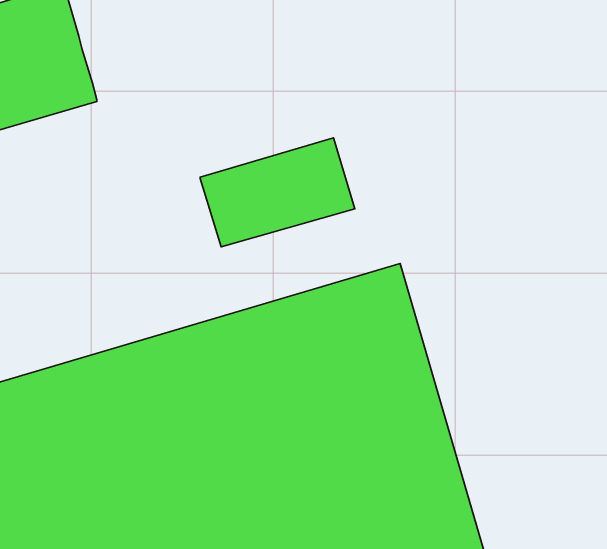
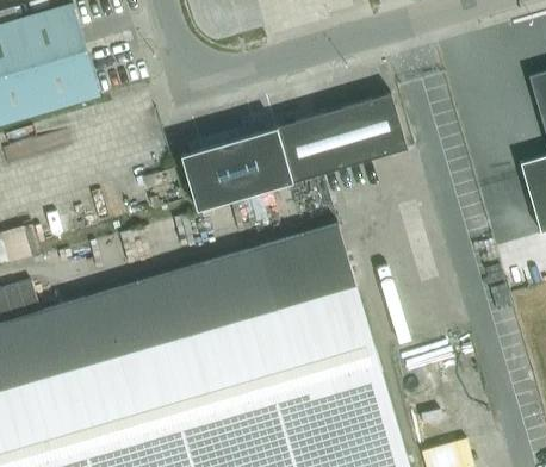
building: none -> [285,95,407,181]

